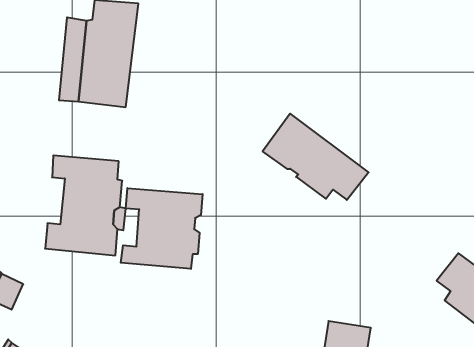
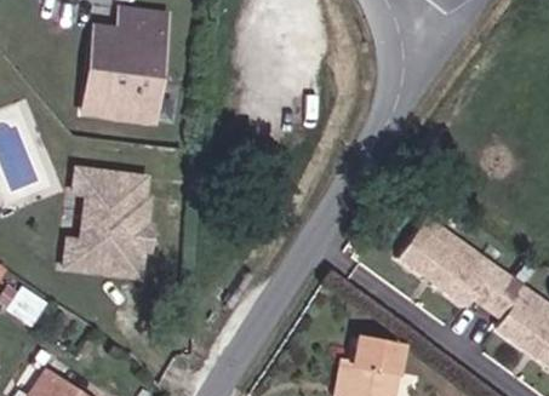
building: [263,114,369,200] -> [394,212,505,303]
building: [121,188,203,269] -> none

